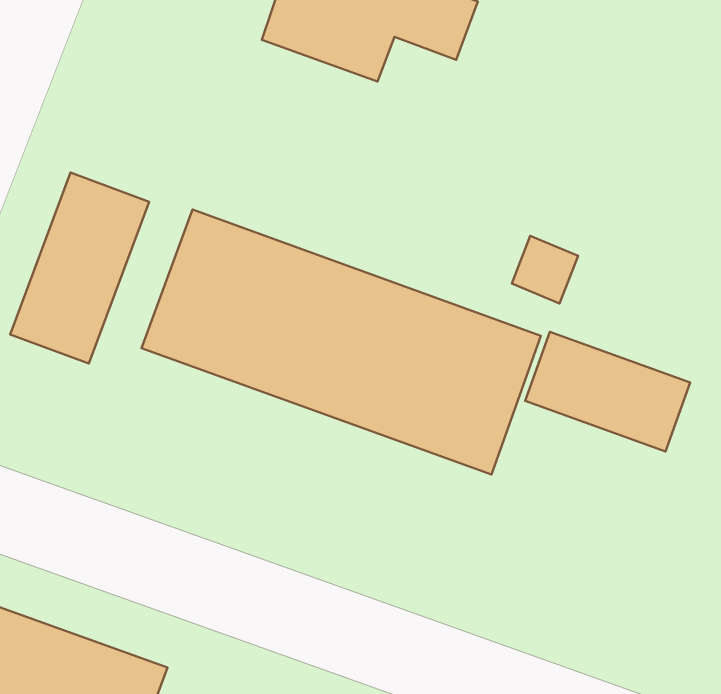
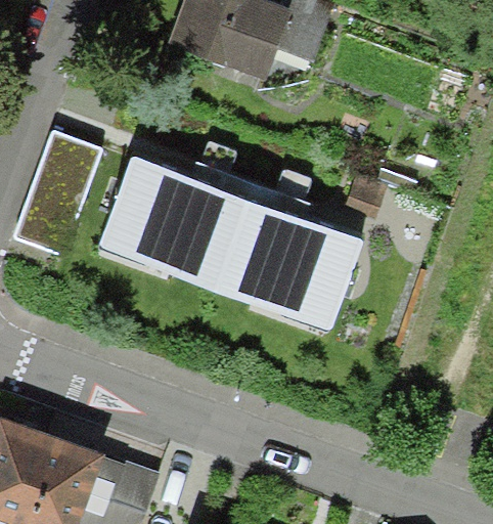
building: [525,332,690,451] -> none

